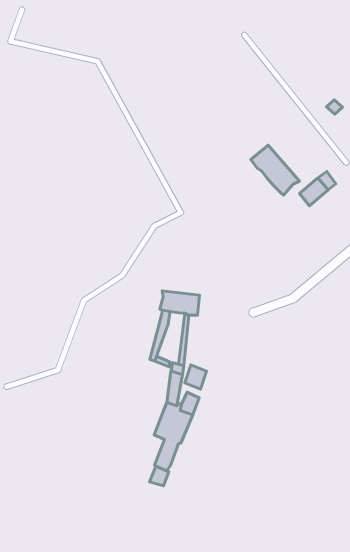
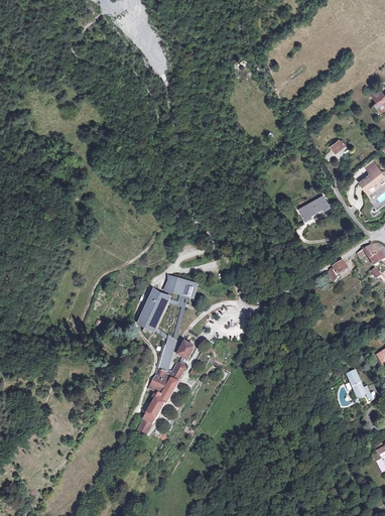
building: [251,145,299,195] -> none
building: none -> [139,287,167,330]

